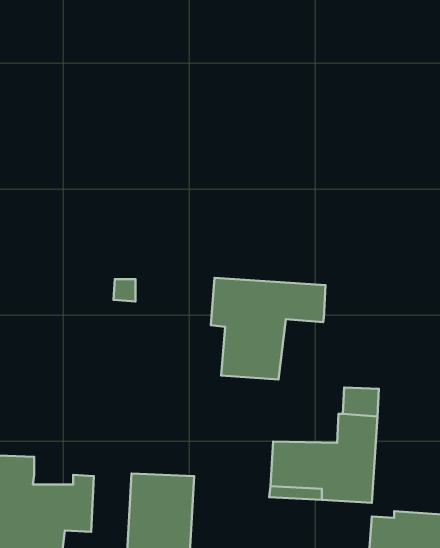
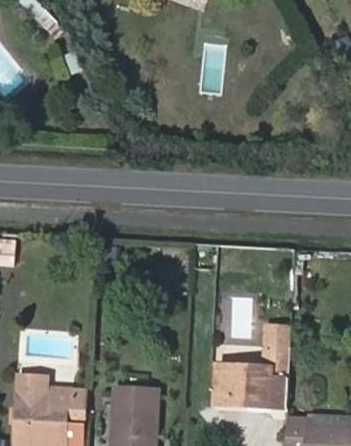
building: [211,278,325,379] -> none

